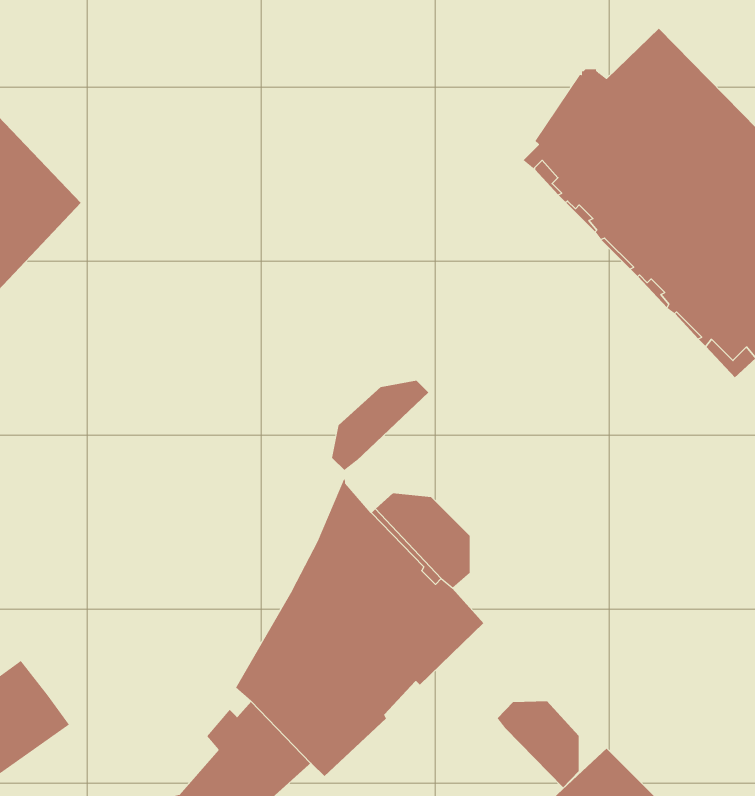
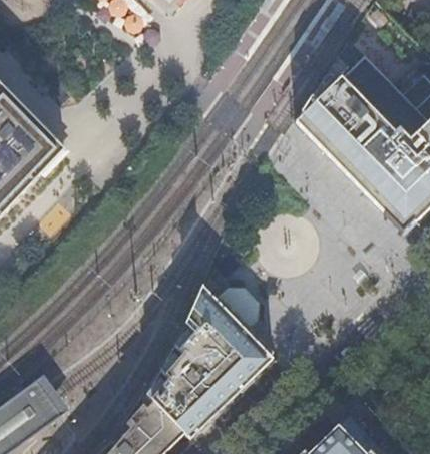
building: [331,380,429,471] -> none
building: [497,700,579,788] -> none

